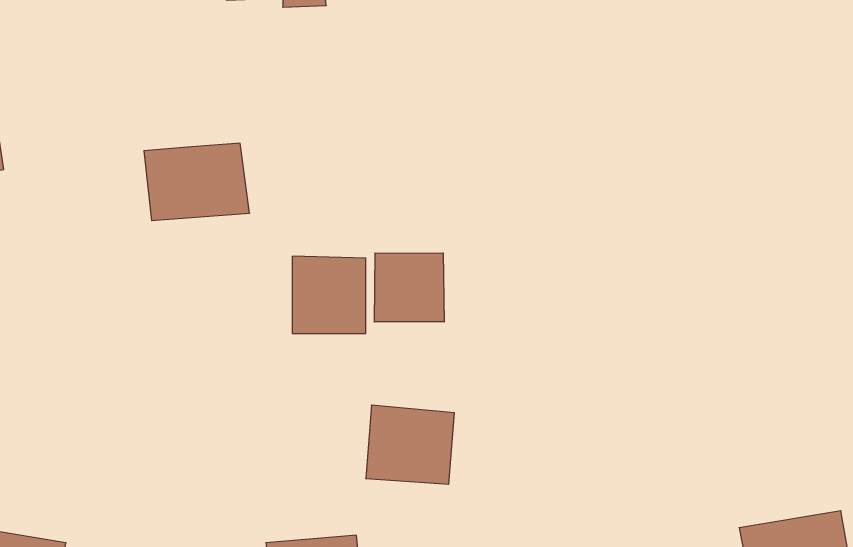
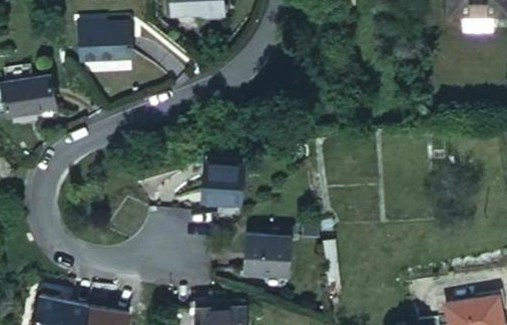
building: [144,143,250,221] -> [79,24,135,65]
building: [374,253,444,322] -> none

